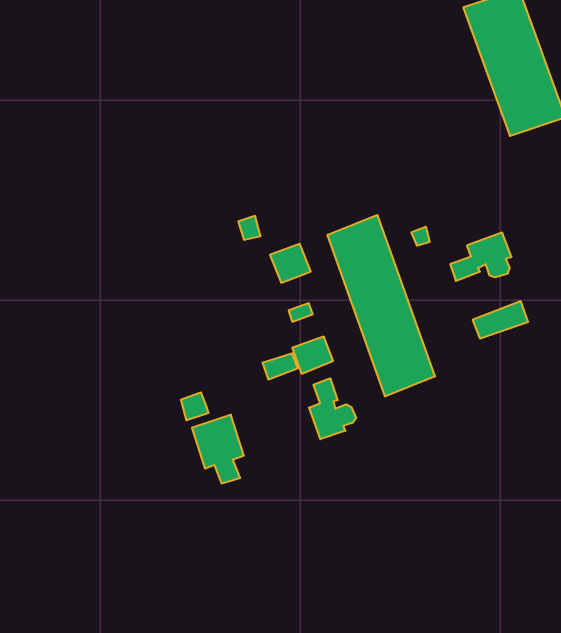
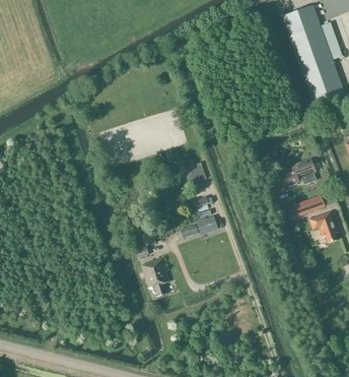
building: [327,215,435,396] -> none
building: none -> [309,209,337,241]
building: [309,378,356,439] -> none

